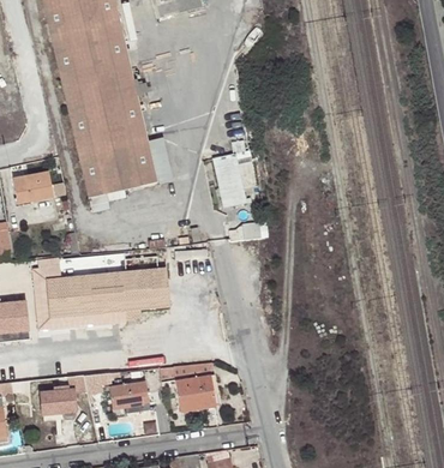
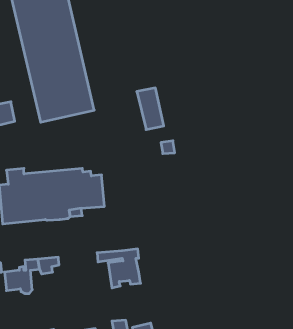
building: [109,382,150,414] -> none

